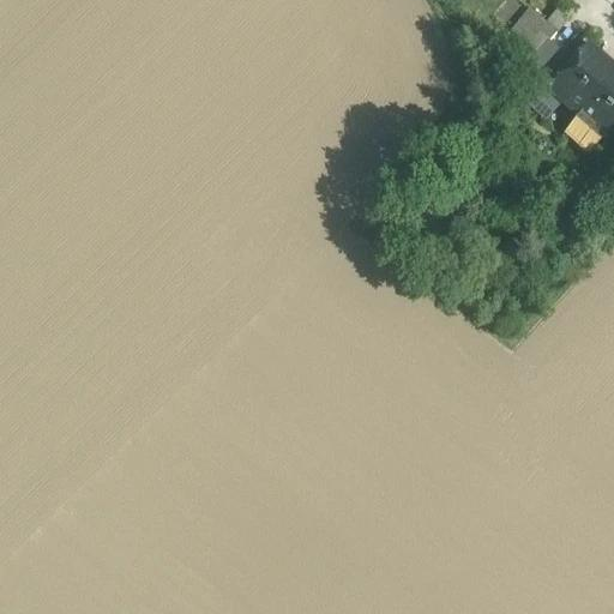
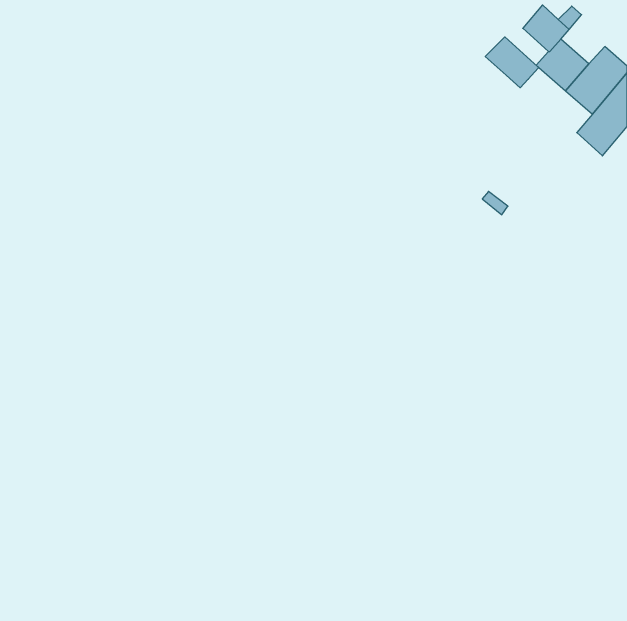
building: none -> [485,37,538,88]

